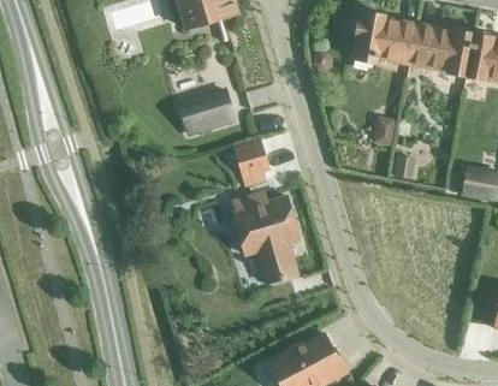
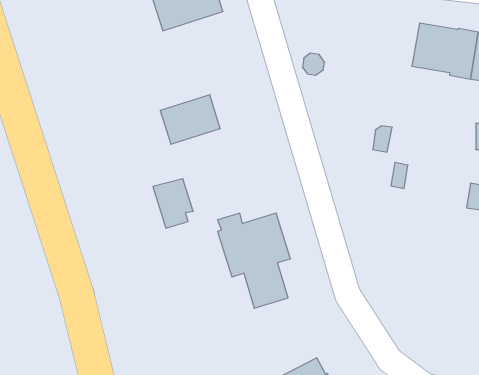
building: [352,11,419,64] -> none
building: [232,139,269,185] -> [153,179,193,228]

